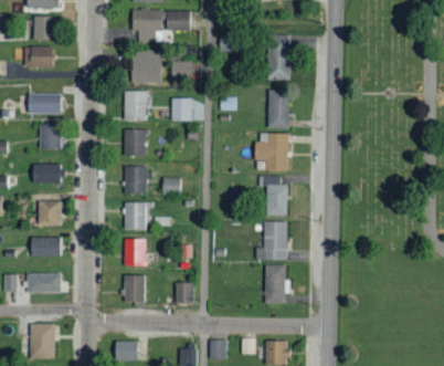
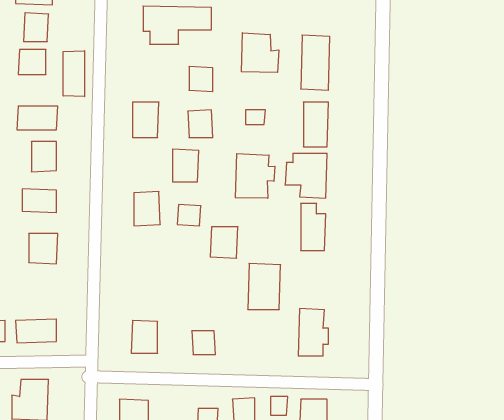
building: none -> [241,33,279,72]
building: none -> [63,51,85,97]
building: [133,50,162,83] -> none
building: [125,128,147,156] -> [173,149,199,182]
building: none -> [235,154,275,198]
building: [125,203,148,230] -> [210,227,238,258]
building: [260,221,287,260] -> [248,263,281,309]
building: [30,237,61,257] -> none
building: [124,238,147,266] -> none

